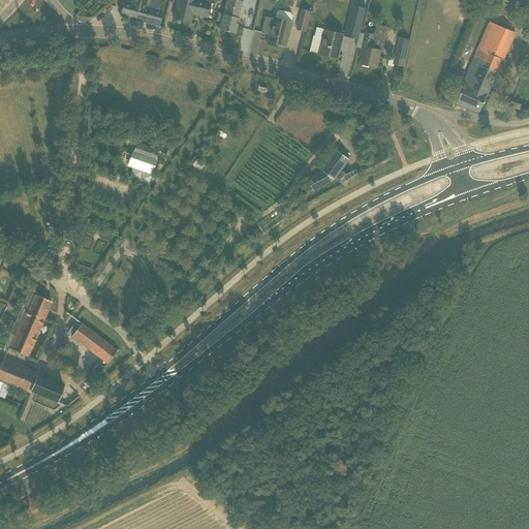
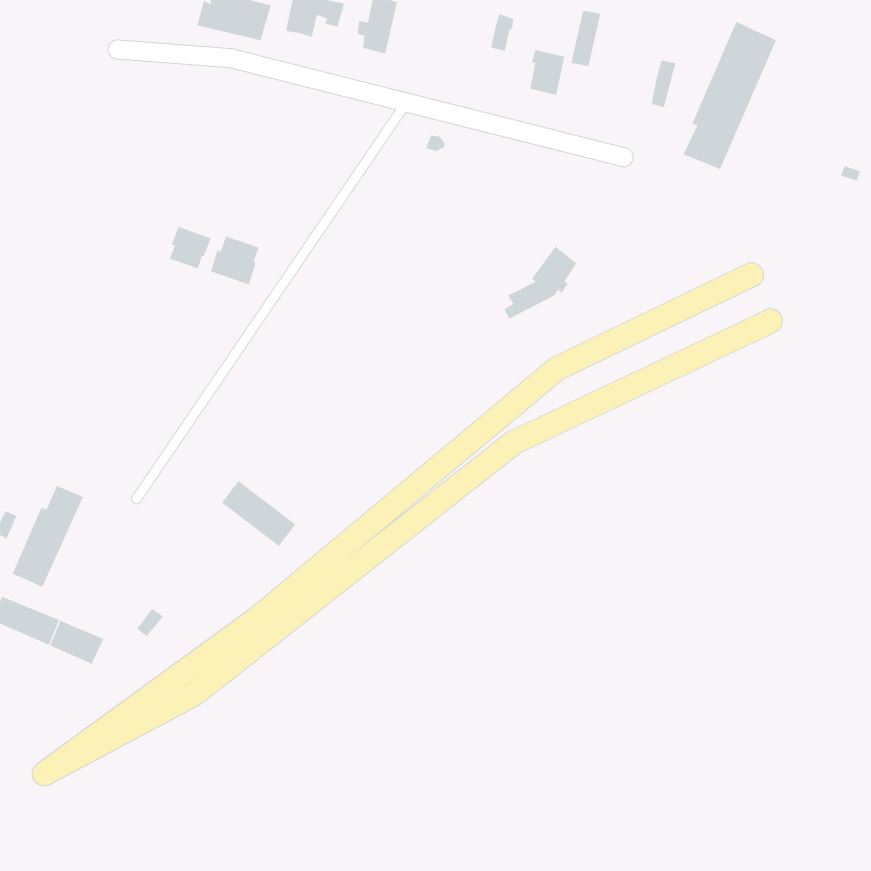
building: [268,9,292,45] -> none
building: [457,21,514,111] -> [683,21,777,170]
building: [361,33,382,67] -> none
building: none -> [169,226,211,269]
building: [70,322,116,363] -> [221,480,296,547]

